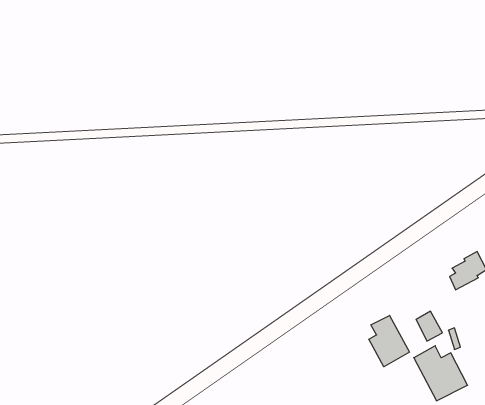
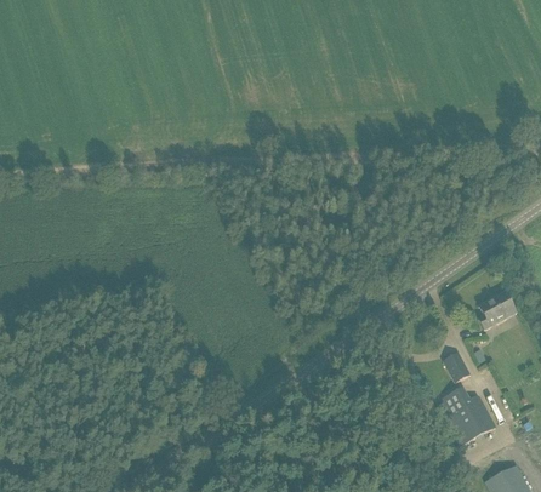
building: [369,315,409,367] -> none

